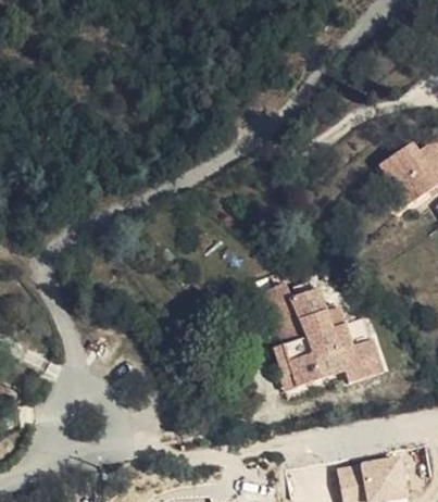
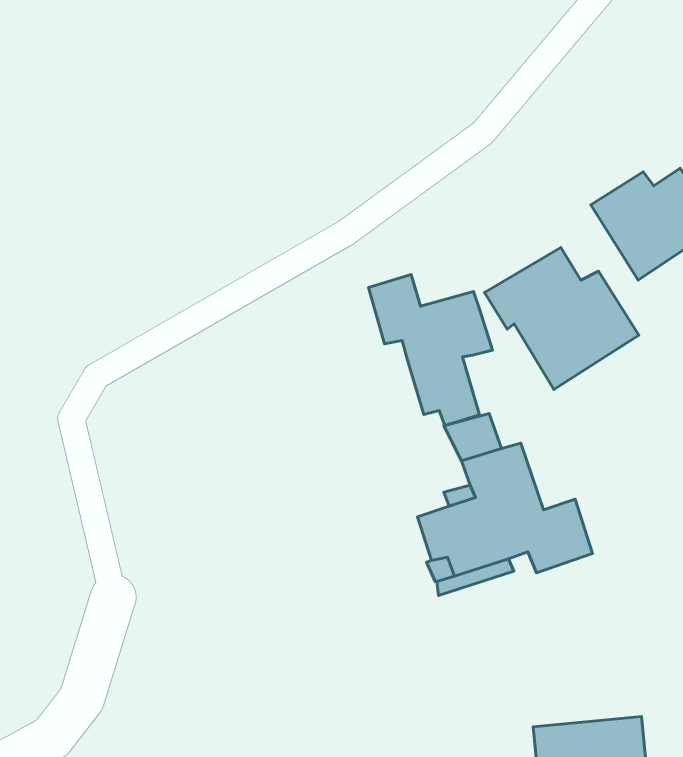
building: none -> [484,247,639,389]
building: none -> [368,275,492,425]

